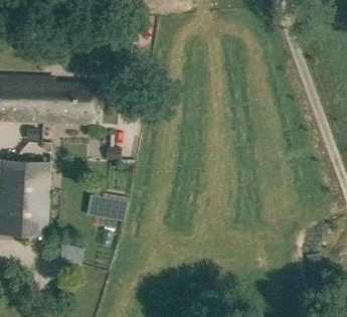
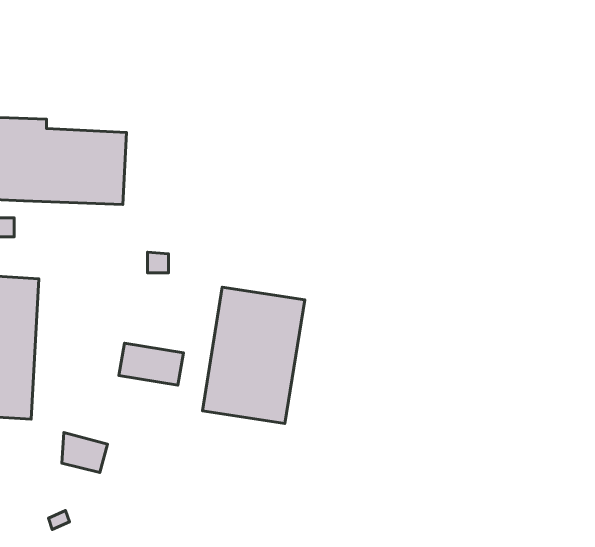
building: none -> [202,287,305,424]

